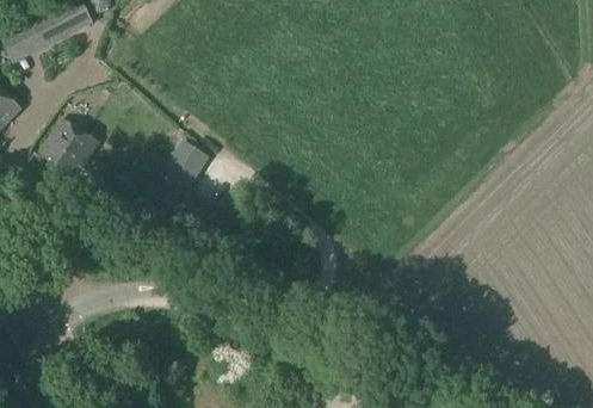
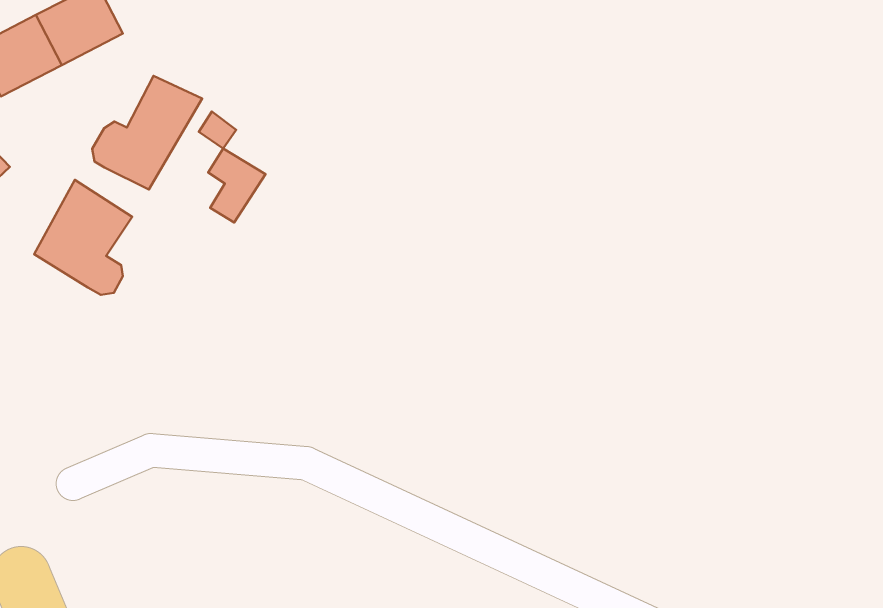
building: none -> [92,76,202,189]
building: [172,140,209,187] -> [208,148,266,223]

